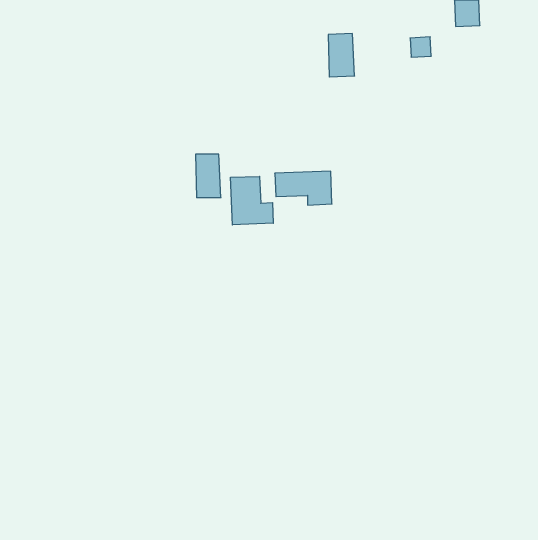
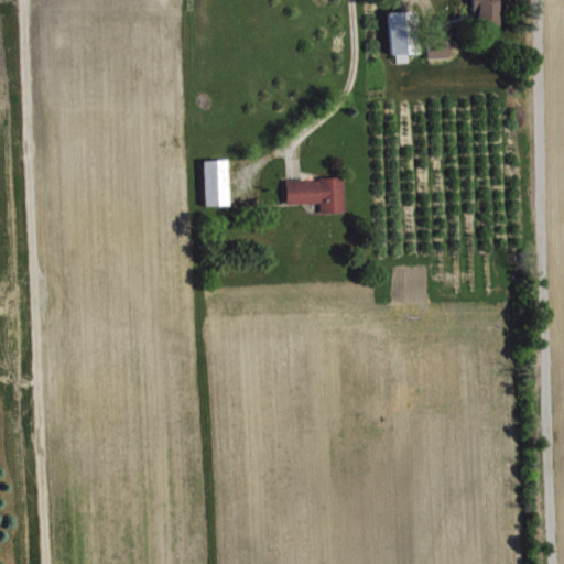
building: [328,34,355,77] -> [389,11,416,56]
building: [231,176,273,225] -> none

